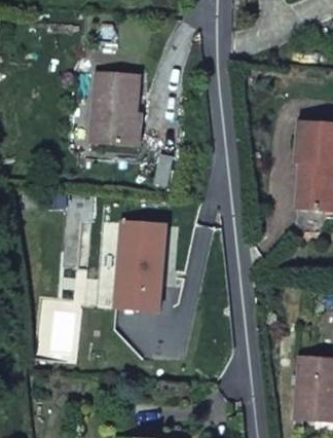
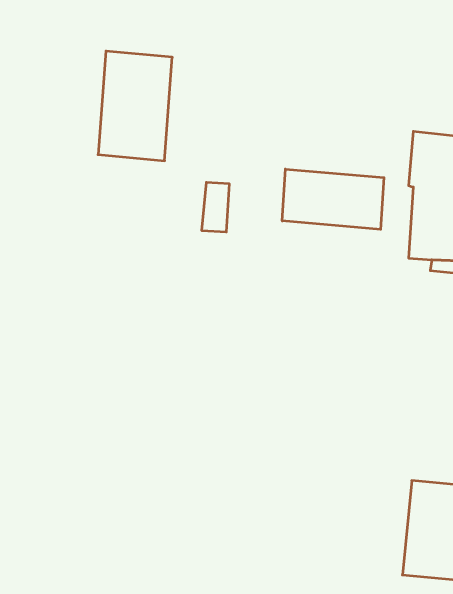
building: none -> [282,169,384,229]
building: [113,219,164,313] -> none

